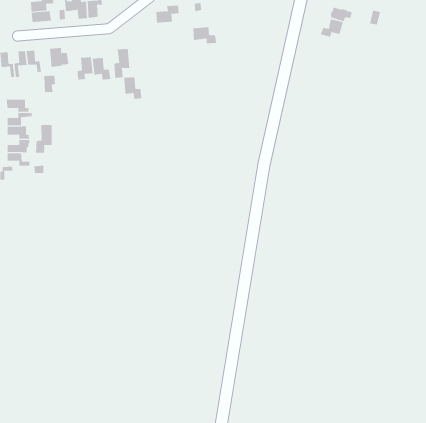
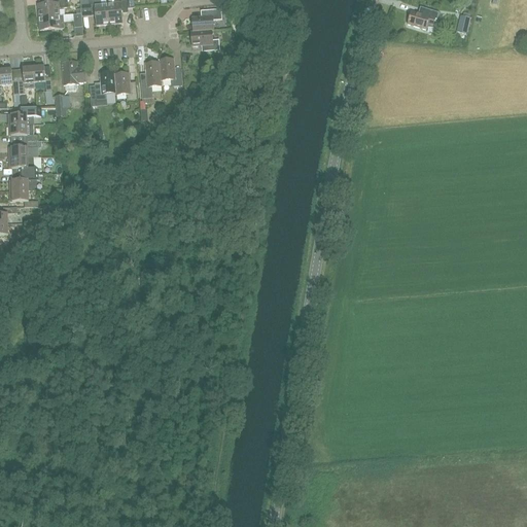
building: [320,19,344,37] -> none
building: [192,26,217,44] -> [189,27,219,48]
building: [124,77,142,99] -> [159,57,181,84]
building: none -> [7,106,39,122]
building: [35,124,52,154] -> none

